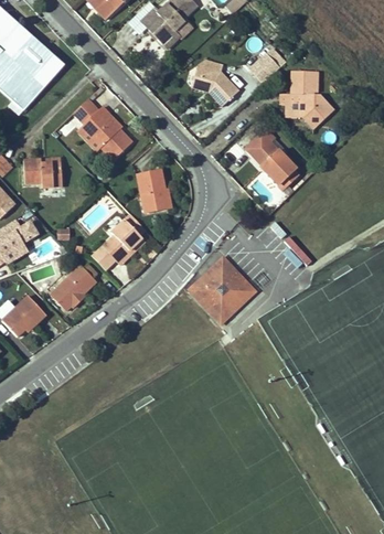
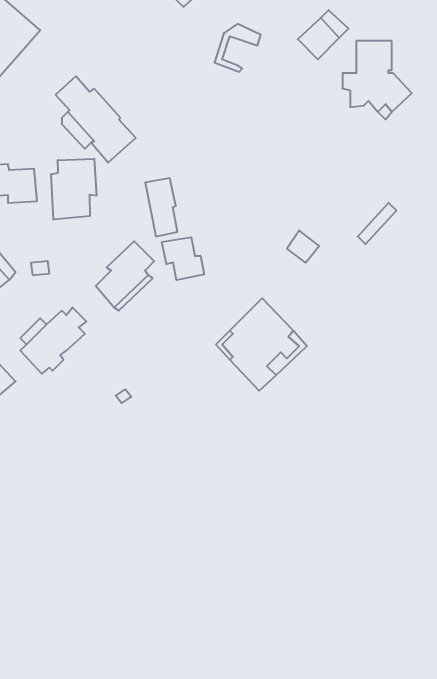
building: [194,68,237,108] -> none
building: [245,129,297,185] -> none
building: none -> [51,159,97,220]
building: none -> [162,237,204,280]

